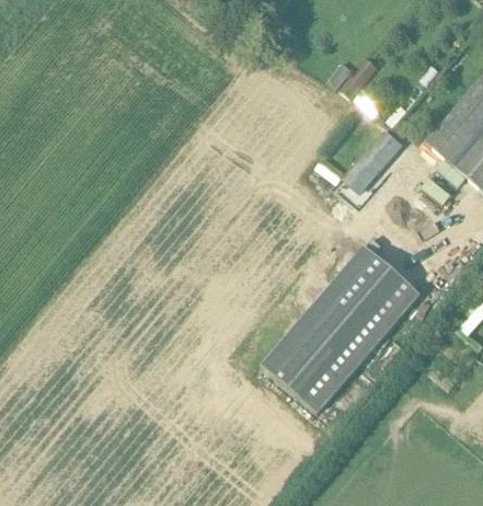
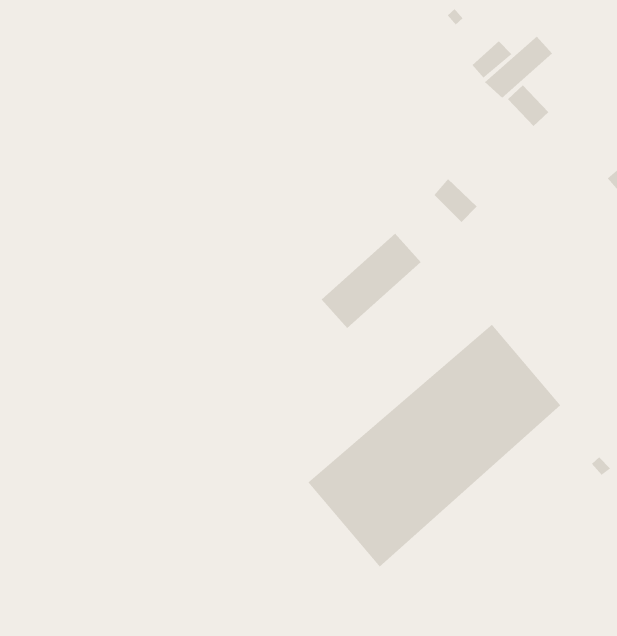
building: [343,127,404,194] -> [321,233,421,329]

